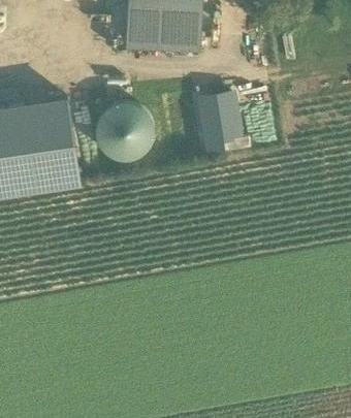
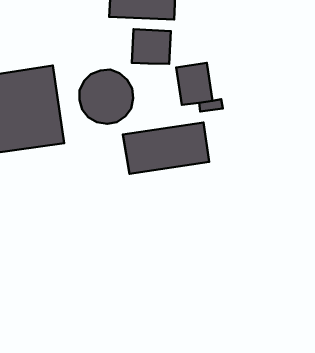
building: none -> [132,29,171,64]
building: none -> [123,122,209,174]

